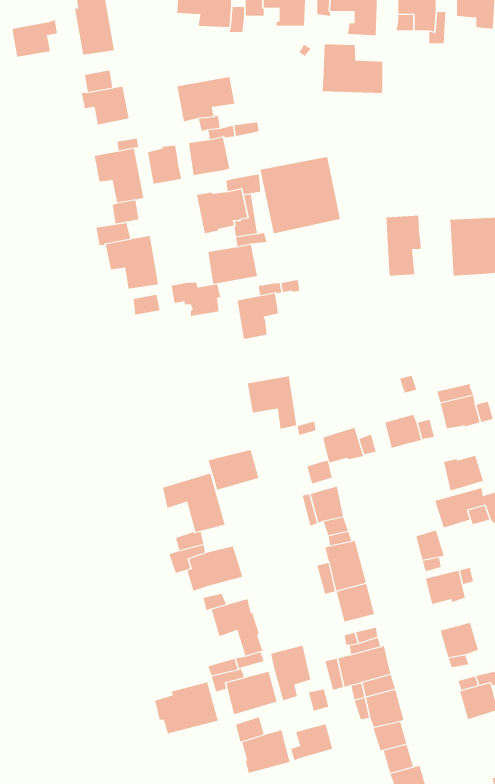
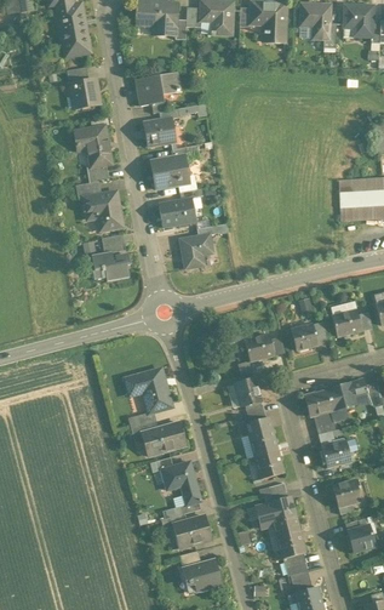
building: [12,19,58,58] -> none
building: [322,44,383,94] -> none
building: [148,145,182,185] -> none
building: [260,156,340,234] -> none
building: [386,215,422,276] -> none
building: [171,282,221,316] -> [92,253,130,279]
building: [247,376,297,430] -> none
building: [208,449,259,490] -> none
building: [443,455,484,491] -> [304,389,334,416]
building: [270,645,311,701] -> none
building: [155,681,219,734] -> none
building: [291,723,333,761] -> none

